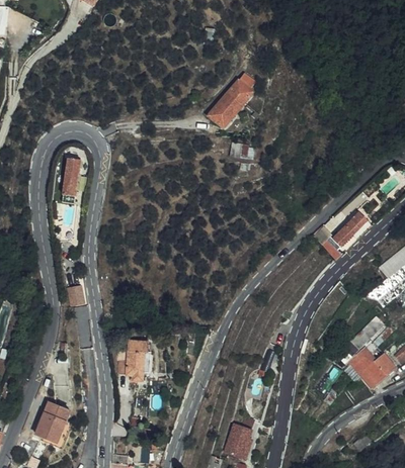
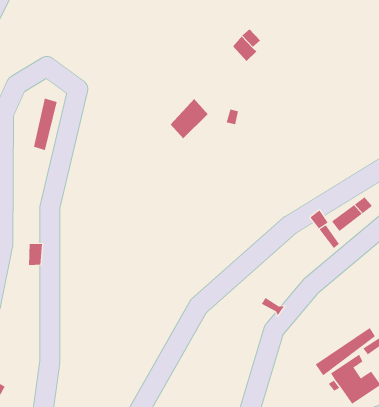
building: [209,91,241,127] -> [170,98,209,139]
building: [118,340,151,376] -> none

